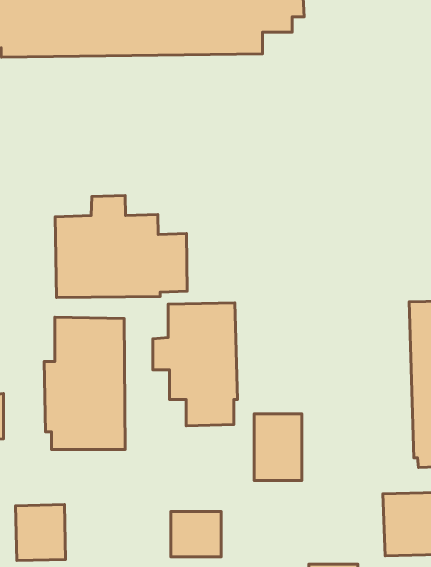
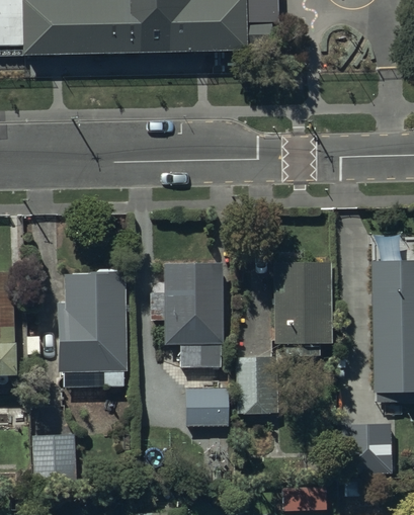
building: [55,195,187,297] -> none
building: none -> [272,263,332,356]
building: [171,512,221,557] -> [185,387,228,425]

